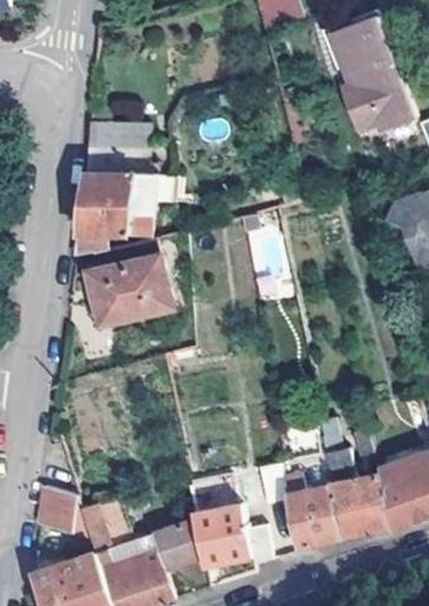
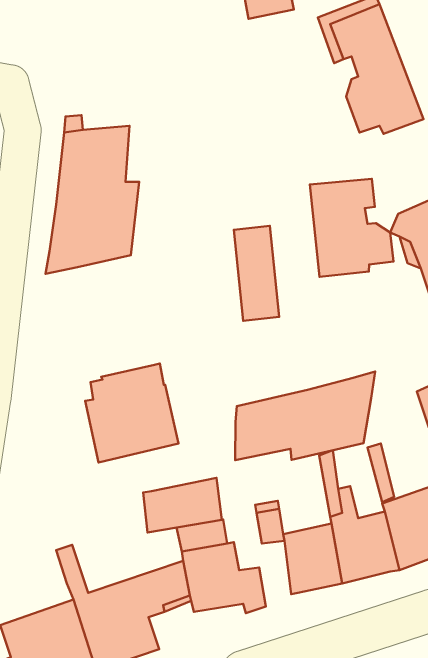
building: none -> [310,179,394,277]
building: [86,239,170,329] -> [85,364,179,462]
building: none -> [235,371,375,460]
building: none -> [143,478,222,533]
building: [36,487,91,538] -> none

